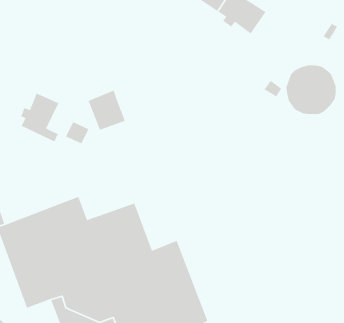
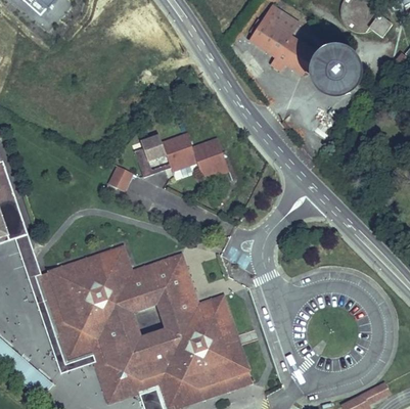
building: [285,65,337,115] -> [307,52,360,104]
building: none -> [161,132,228,175]
building: [20,92,59,143] -> none

